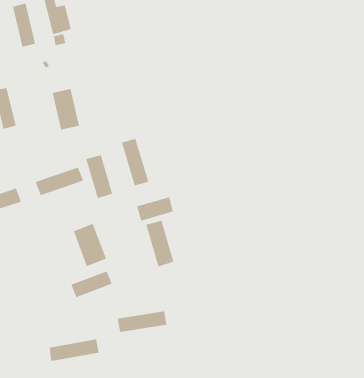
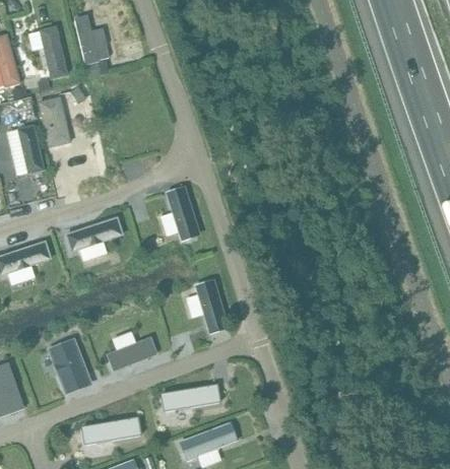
building: [52,88,80,130] -> [38,98,70,147]
building: [85,154,113,199] -> none
building: [136,197,174,221] -> none
building: [73,223,107,267] -> [50,341,89,392]
building: none -> [181,422,237,459]

